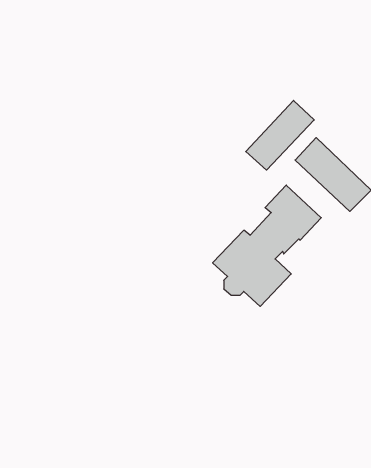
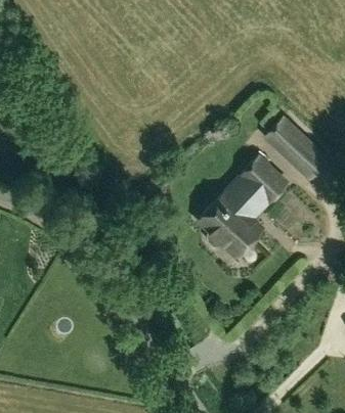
building: [246,100,314,170] -> none

